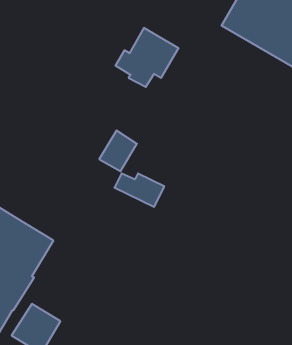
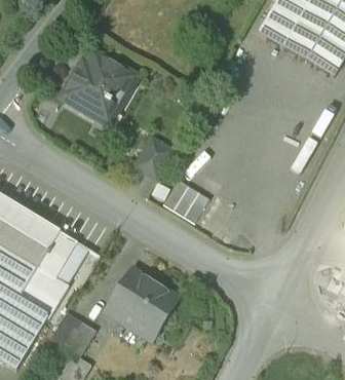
building: [115,28,179,87] -> [67,55,130,115]
building: none -> [105,267,179,340]

